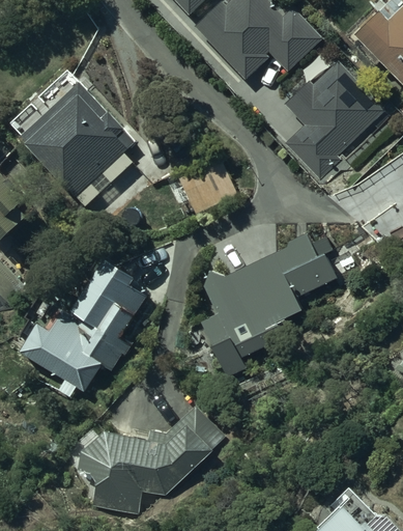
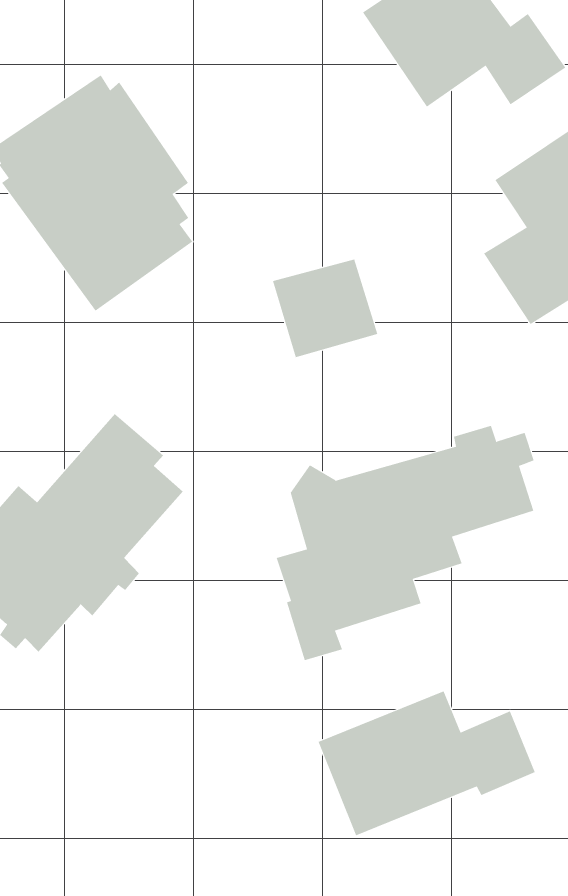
building: none -> [318,691,536,836]
building: [78,406,224,513] -> none

